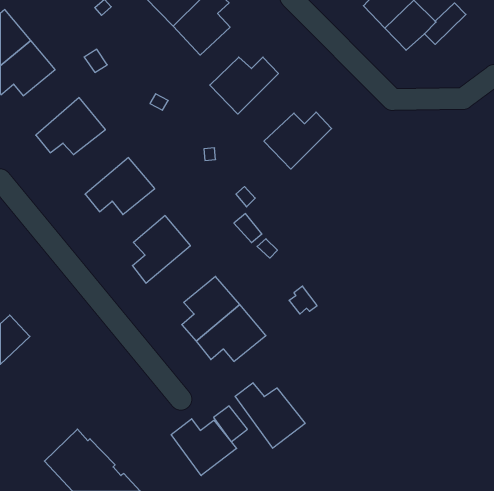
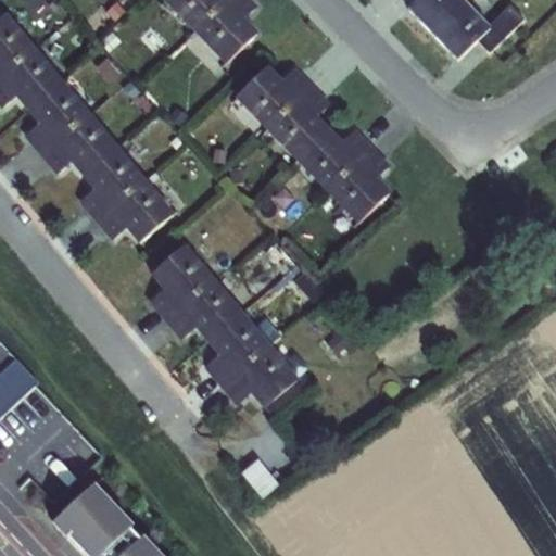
building: none -> [24,78,89,152]
building: none -> [267,83,330,159]
building: none -> [327,144,391,220]
building: none -> [79,146,144,218]
building: none -> [164,276,242,340]
building: [235,383,305,448] -> none
building: [171,419,237,476] -> none

